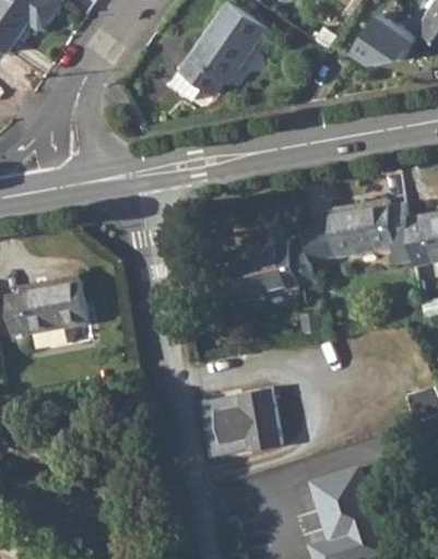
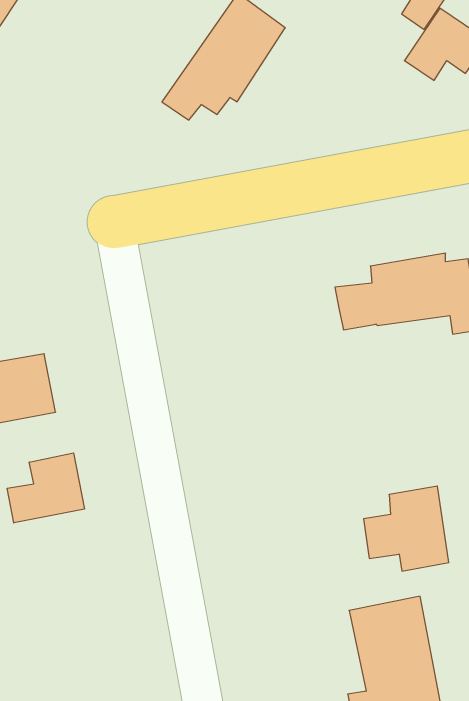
building: [228,242,312,302] -> none
building: none -> [7,453,84,523]
building: [214,382,280,448] -> [364,486,449,571]

